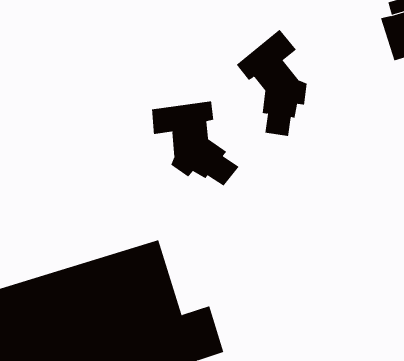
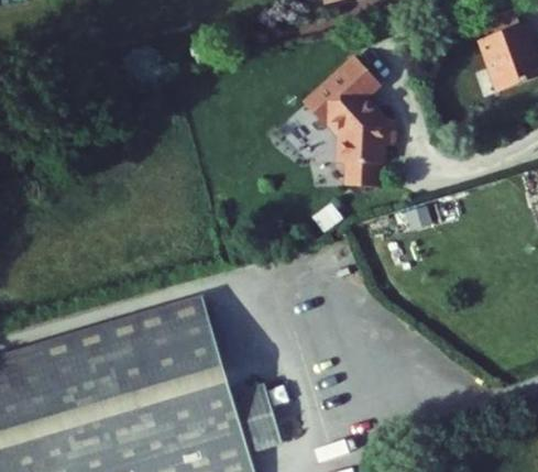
building: [152,100,239,187] -> none

